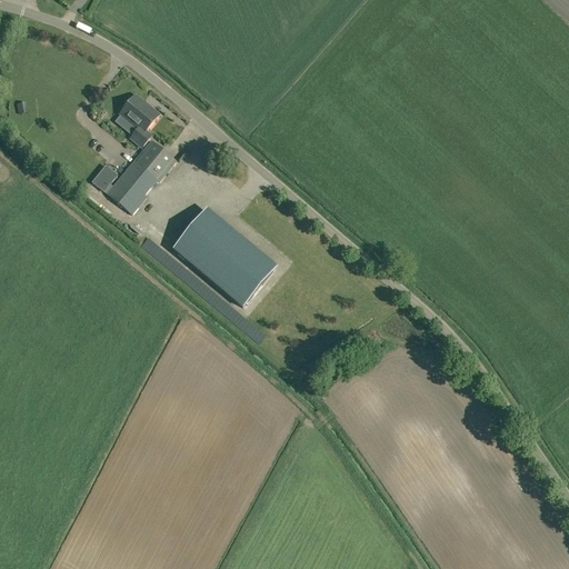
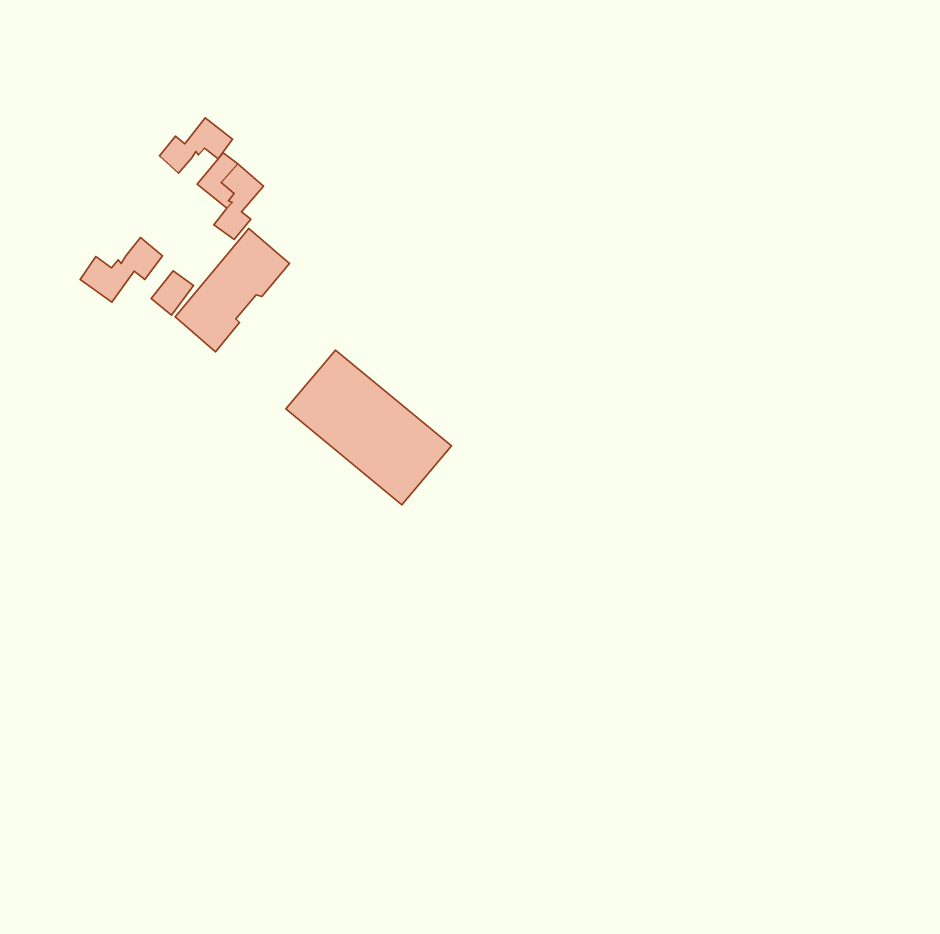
building: none -> [159,118,233,173]
building: none -> [80,237,163,302]

